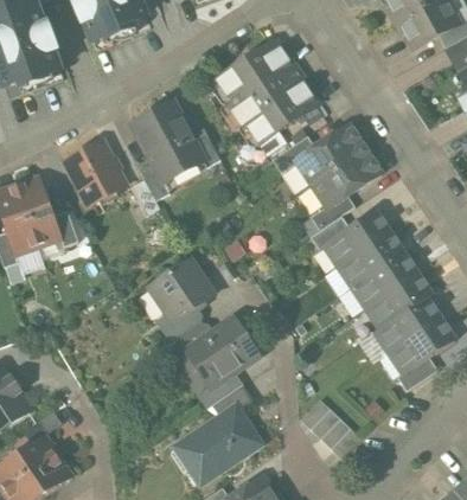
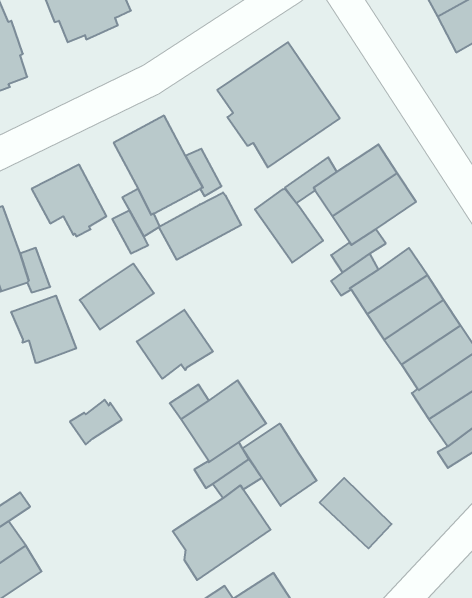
building: none -> [255,189,323,263]
building: none -> [159,192,241,260]
building: none -> [80,264,154,330]
building: none -> [11,296,76,363]
building: [159,306,201,342] -> [70,400,122,444]
building: none -> [243,424,317,506]

